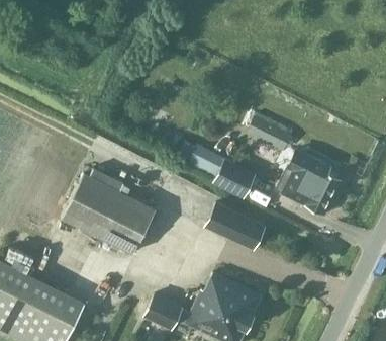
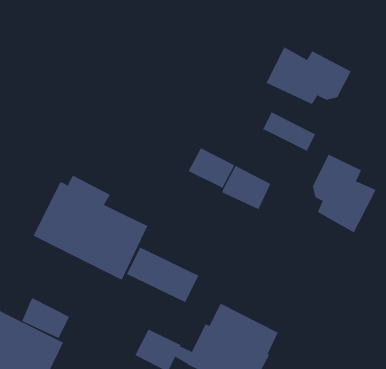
building: none -> [266,47,352,105]
building: [206,203,266,249] -> [126,247,199,303]
building: none -> [21,298,70,339]

